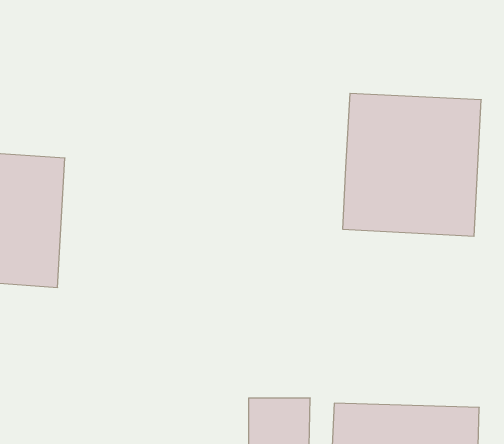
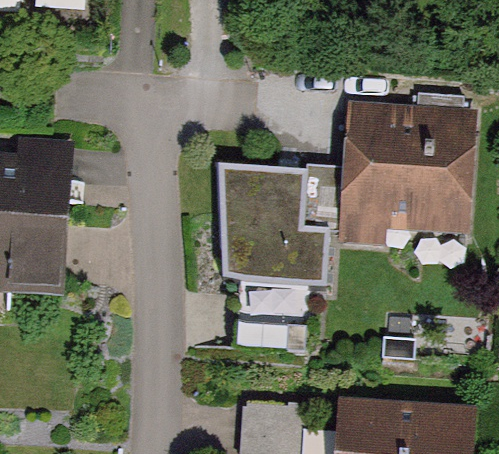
building: none -> [209,167,343,292]

